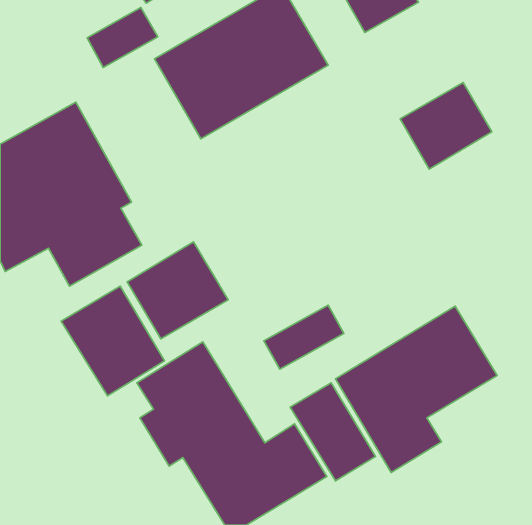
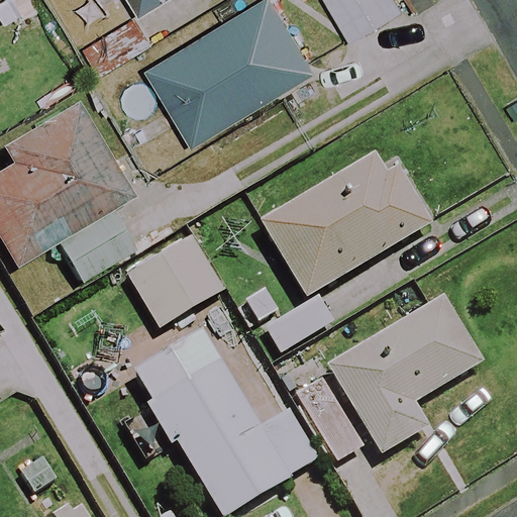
building: [400,83,492,169] -> none
building: none -> [262,143,436,296]
building: [61,286,165,396] -> none

